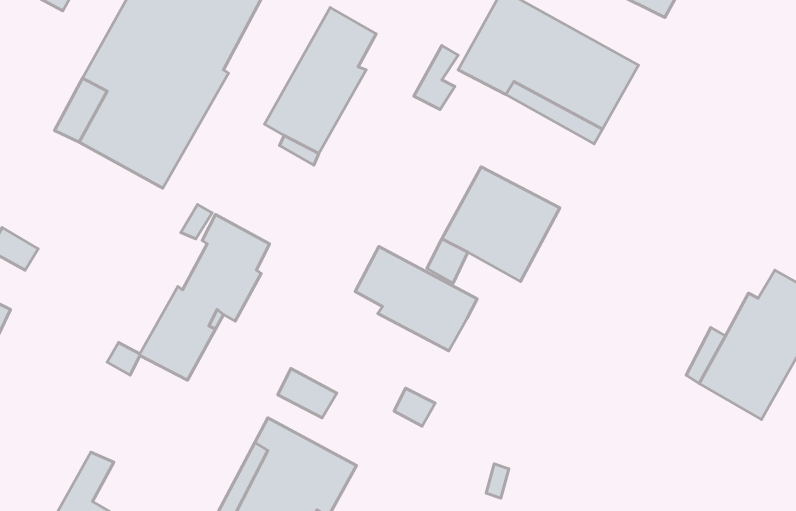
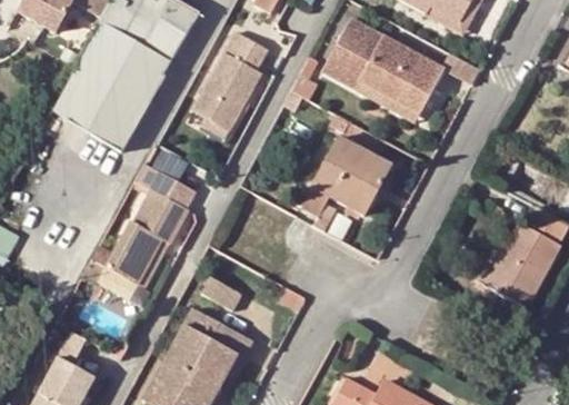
building: [355,246,477,351] -> none

